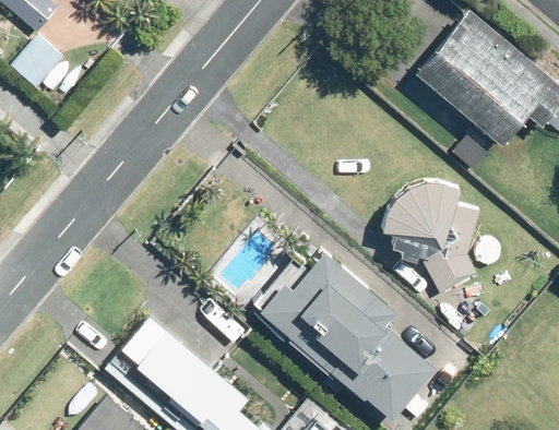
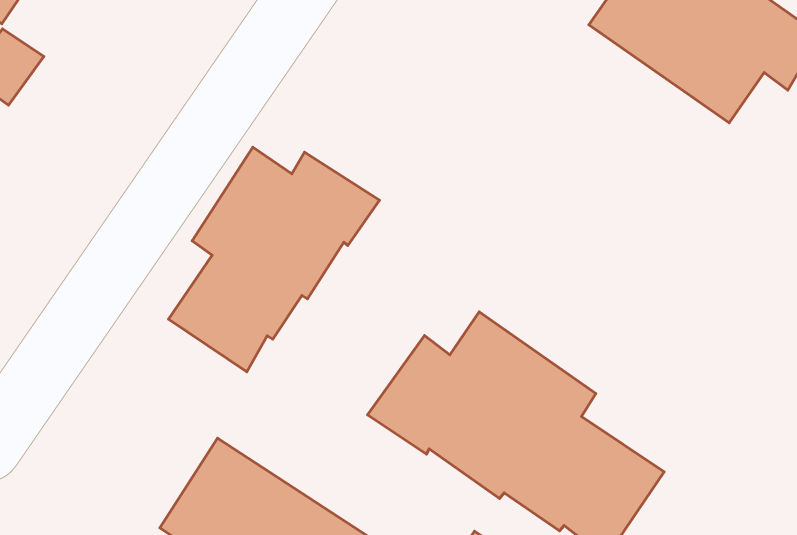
building: none -> [169,147,379,372]
building: [383,182,478,295] -> none

